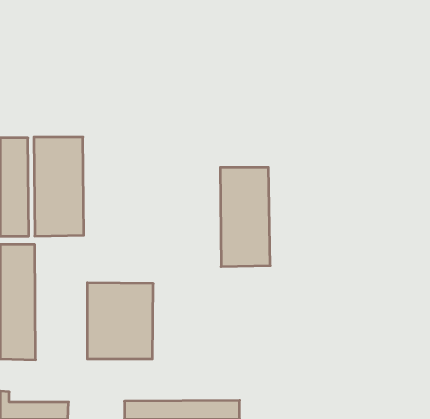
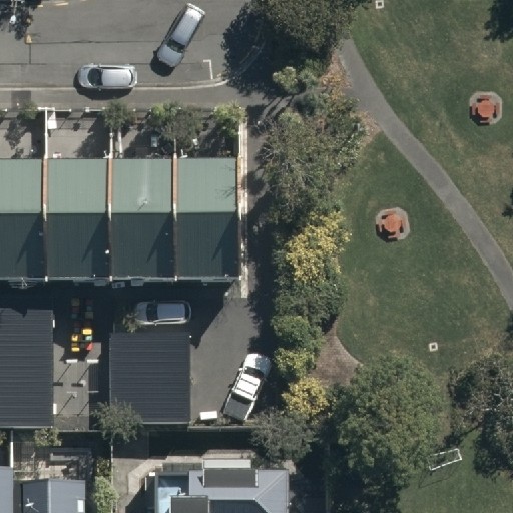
building: none -> [109,161,168,279]
building: [220,167,270,267] -> [175,161,234,279]

